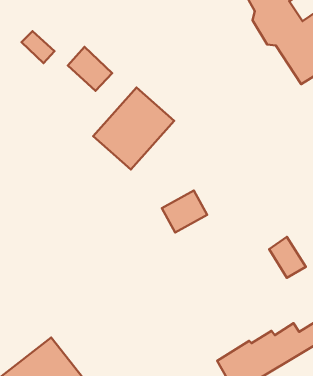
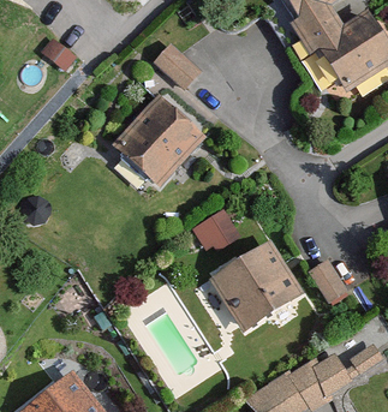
building: [68,47,112,91] -> [153,41,201,89]
building: none -> [210,241,303,330]

